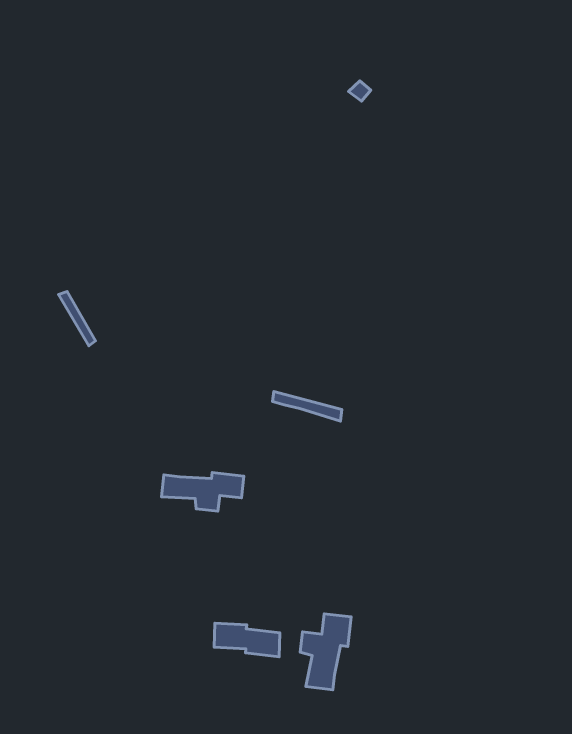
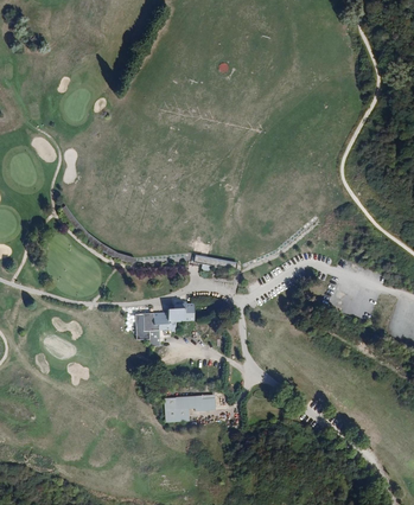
building: [300,614,351,690] -> none

